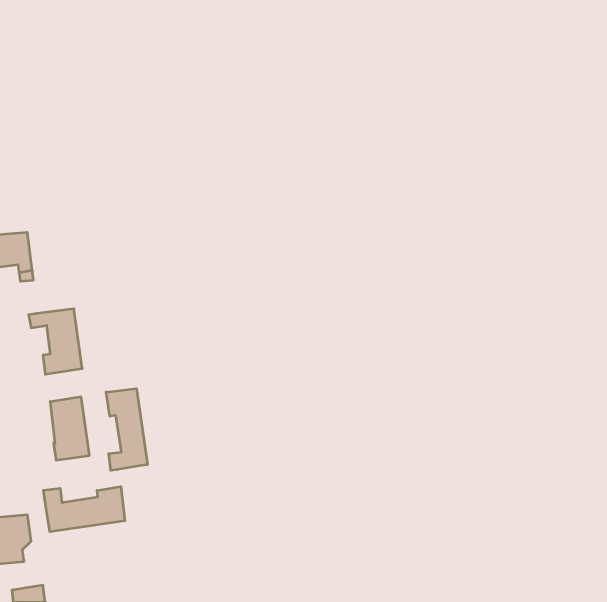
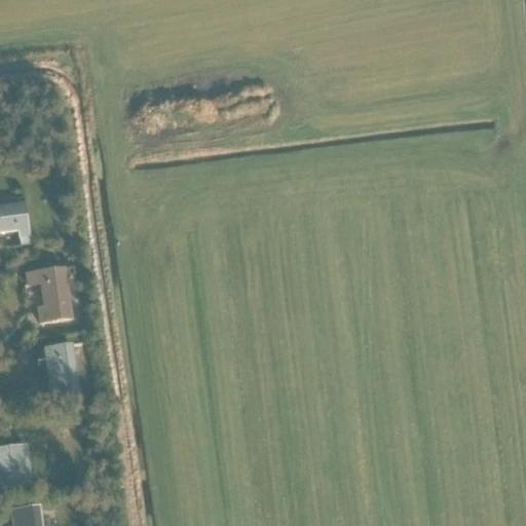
building: [106,389,147,470] -> none
building: [43,487,125,532] -> none

